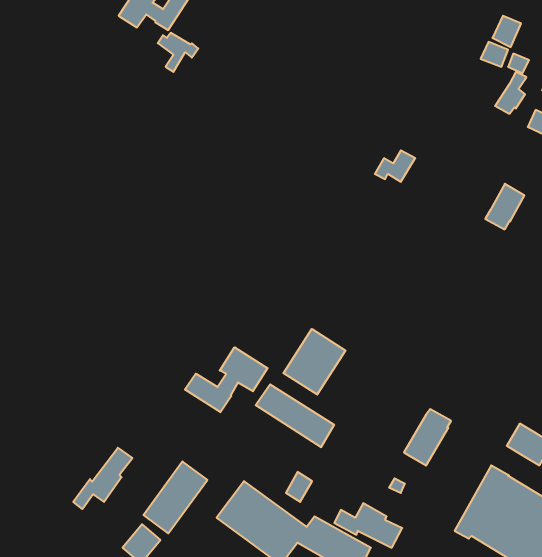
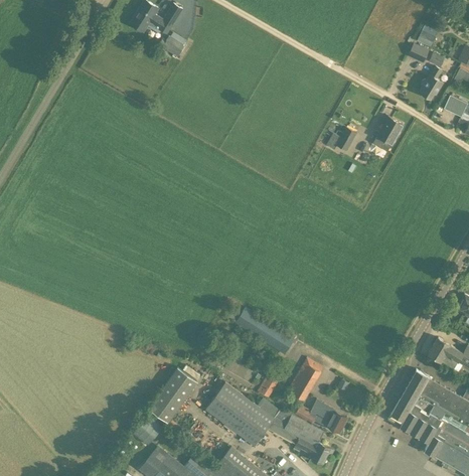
building: [485,184,524,229] -> [372,116,403,151]
building: [283,329,345,395] -> none
building: [185,347,268,412] -> none
building: [404,409,451,465] -> [287,357,323,401]
building: [73,448,132,509] -> none

